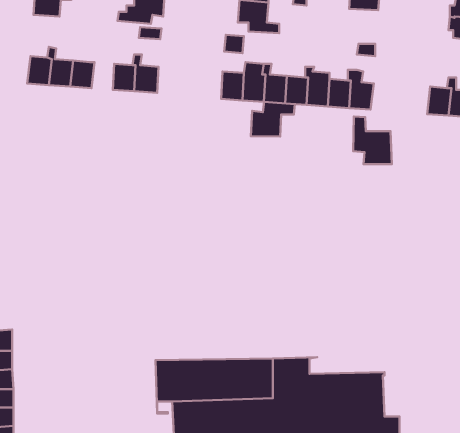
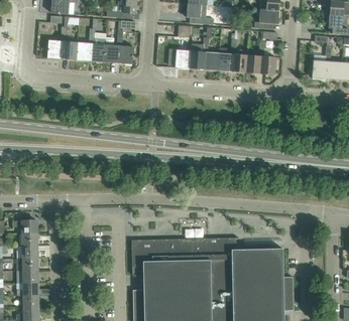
building: none -> [254,8,279,28]
building: none -> [89,34,106,61]
building: [251,102,295,137] -> none
building: [353,117,392,164] -> none

